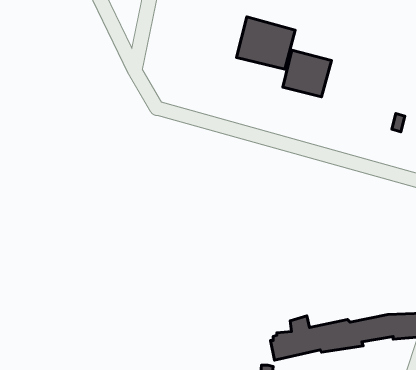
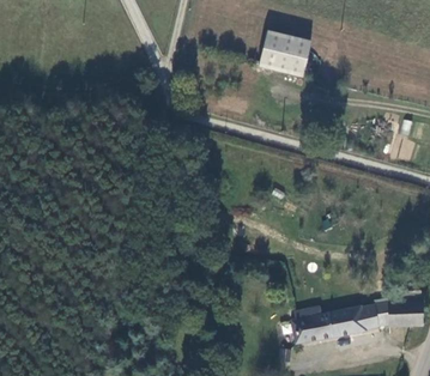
building: [283,50,332,97] -> none

